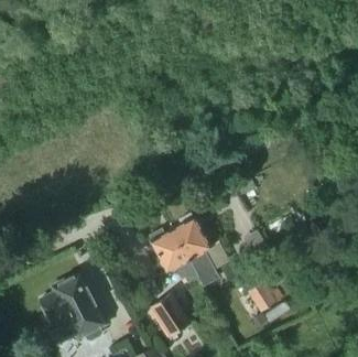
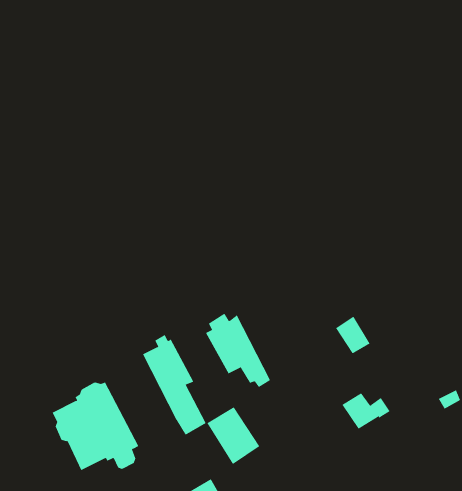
building: [174,214,220,286] -> [142,334,207,436]

